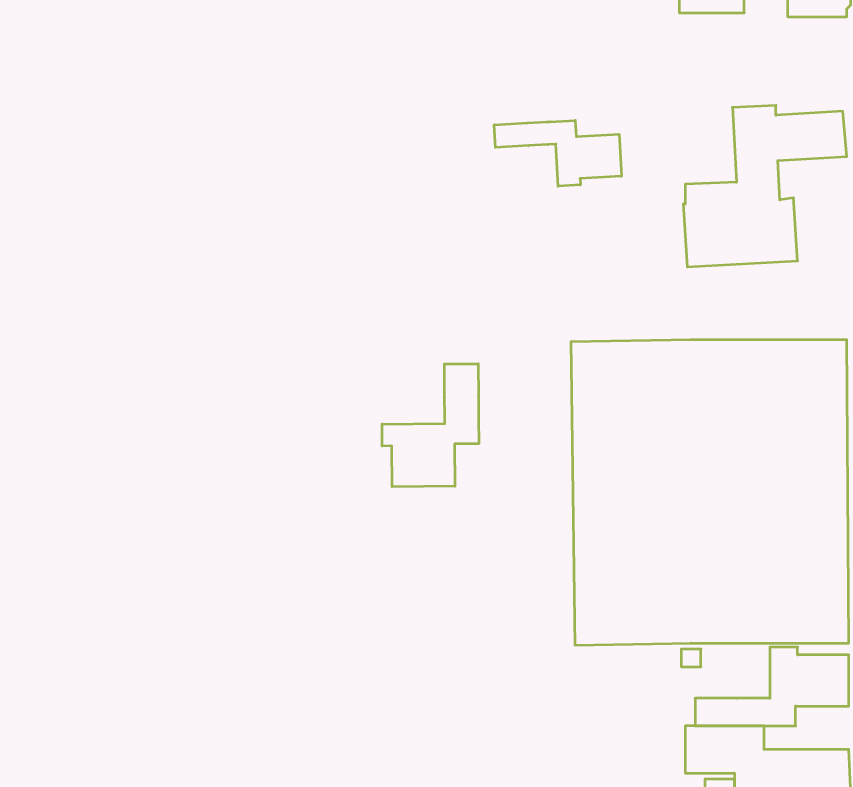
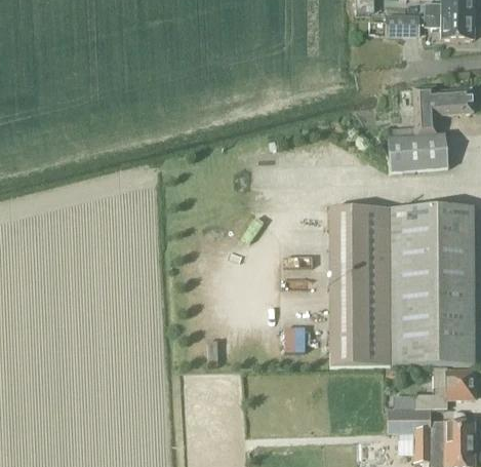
building: [494,120,621,186] -> none
building: [382,364,479,487] -> none

